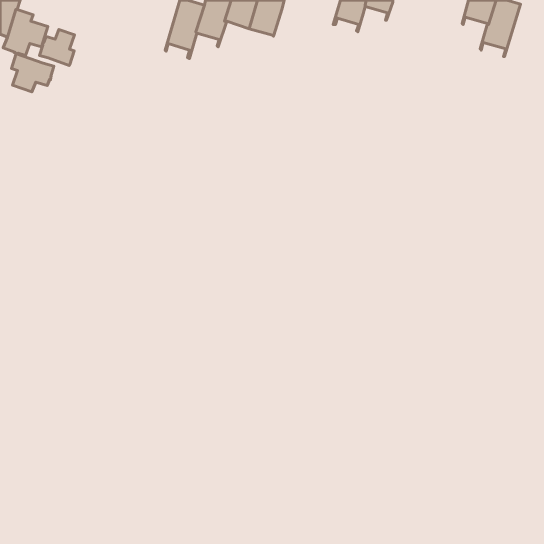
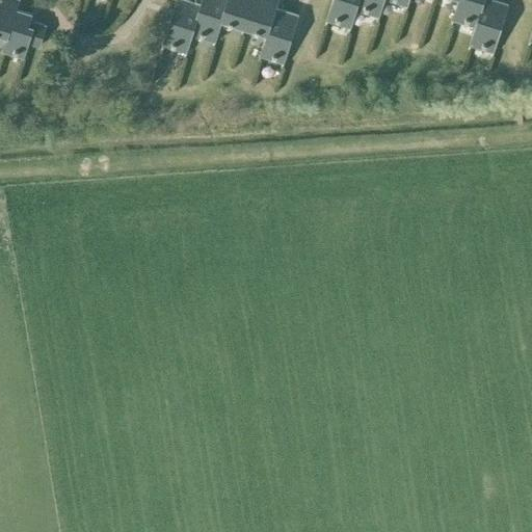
building: none -> [258,8,298,66]
building: [40,29,74,65] -> none
building: [11,54,54,92] -> none

